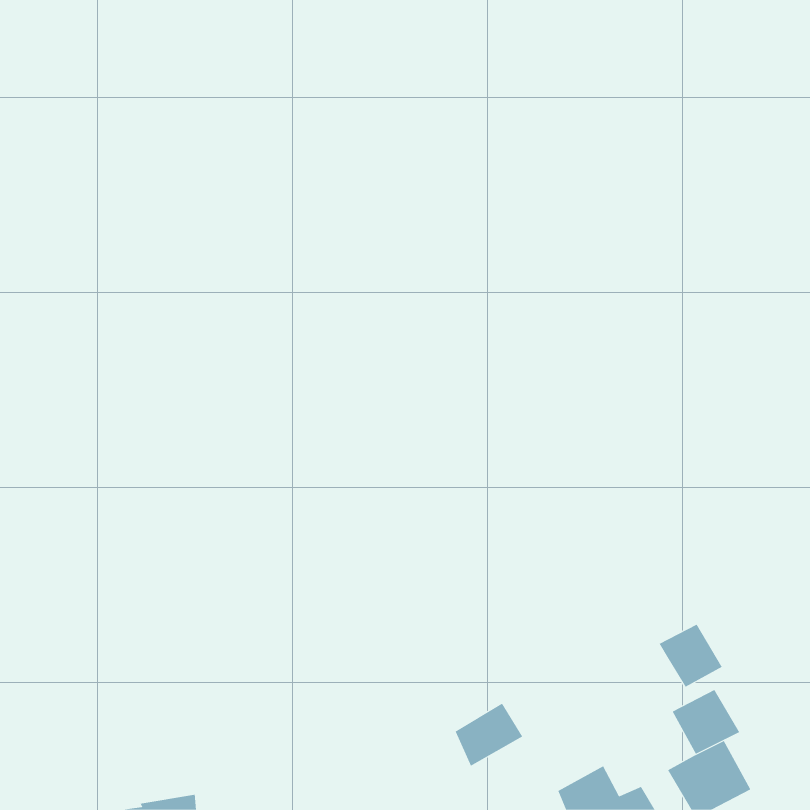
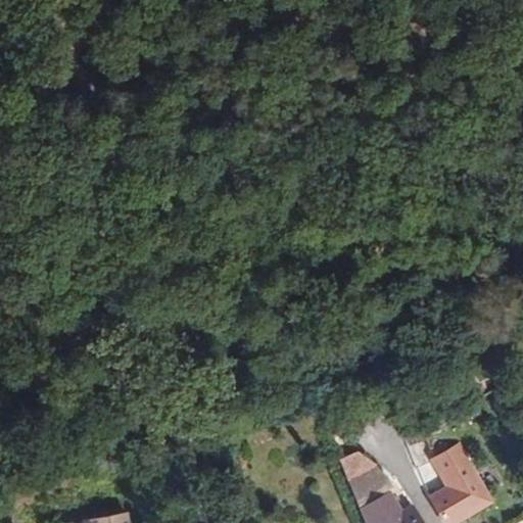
building: [659,624,722,688] -> none
building: [455,703,523,767] -> [347,465,391,506]

